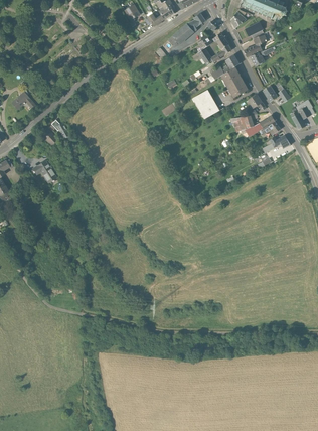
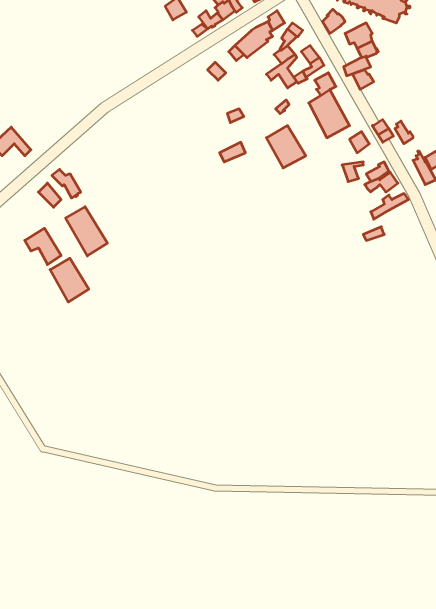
building: none -> [66,207,107,256]
building: none -> [50,258,89,302]

